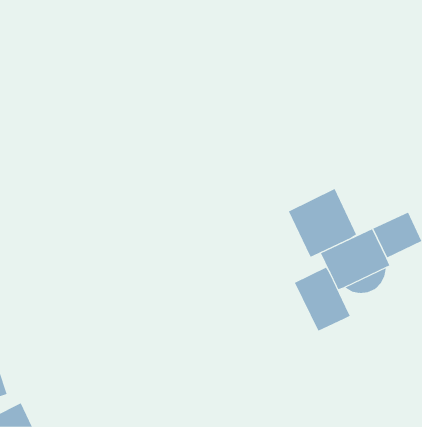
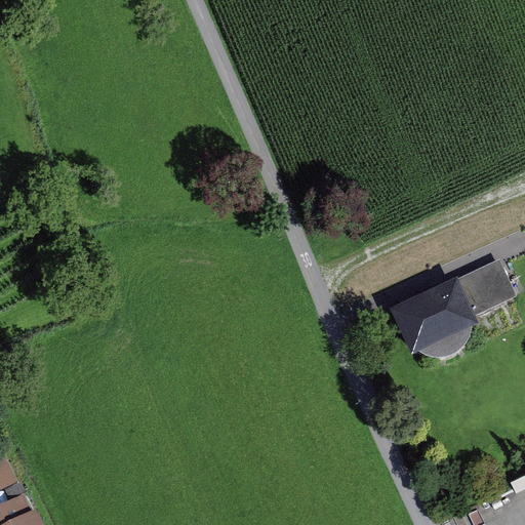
building: [288,188,357,258] -> none
building: [294,267,350,332] -> none

